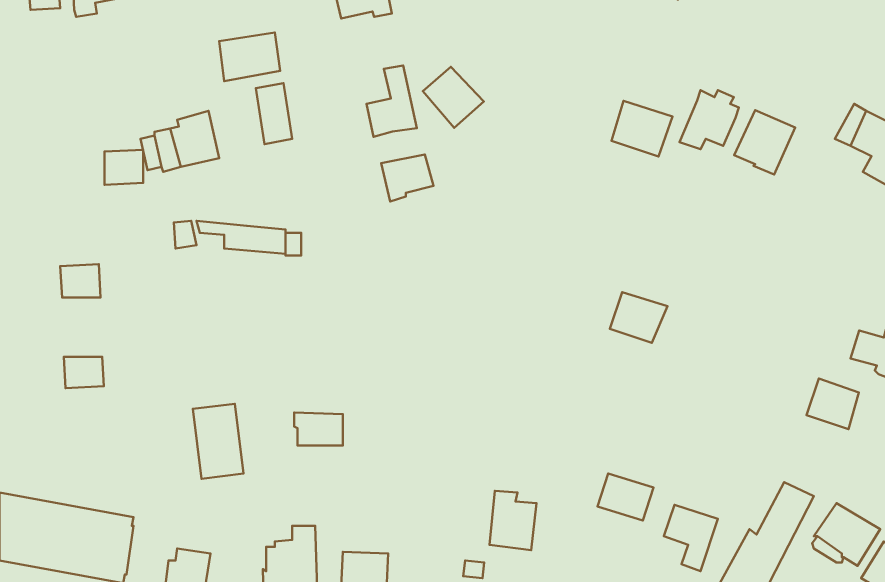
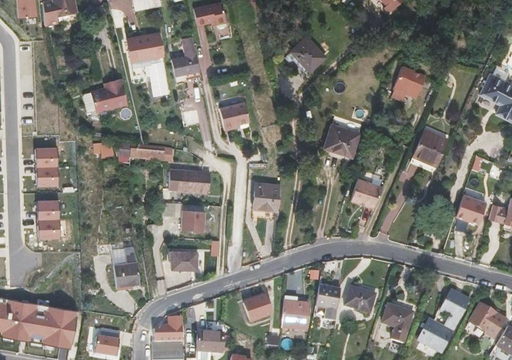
building: [366,65,417,137] -> [171,36,200,77]
building: [423,67,484,128] -> [291,37,326,72]
building: [611,101,673,156] -> [325,125,360,157]
building: [734,110,795,174] -> [413,129,448,166]
building: [105,150,143,185] -> [36,147,58,167]
building: none -> [168,168,211,193]
building: none -> [253,183,280,212]
building: none -> [38,200,60,219]
building: none -> [182,211,205,233]
building: [807,379,859,429] -> [456,195,486,224]
building: none -> [316,284,341,321]
building: none -> [243,294,273,322]

